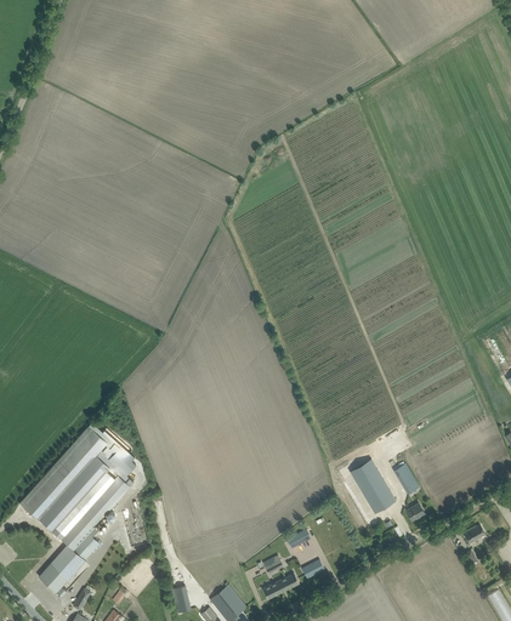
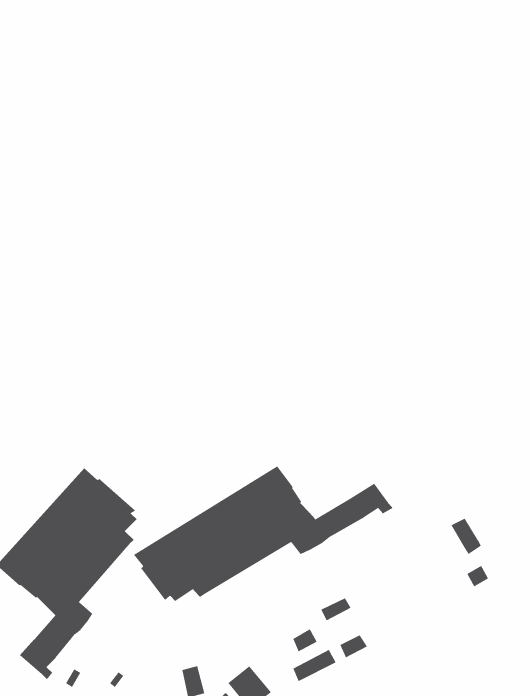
building: none -> [133,465,394,602]
building: [350,460,396,514] -> none

